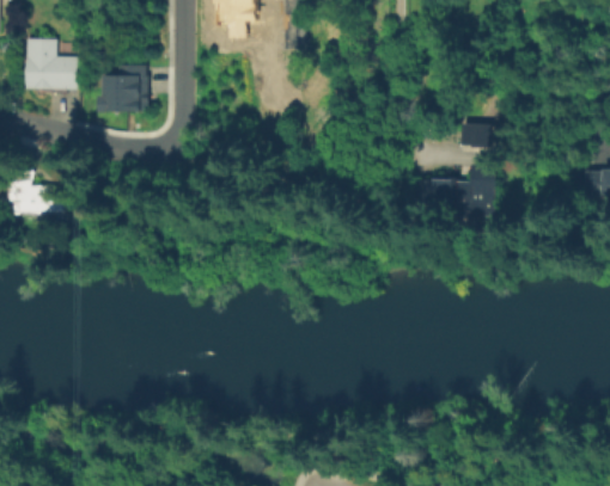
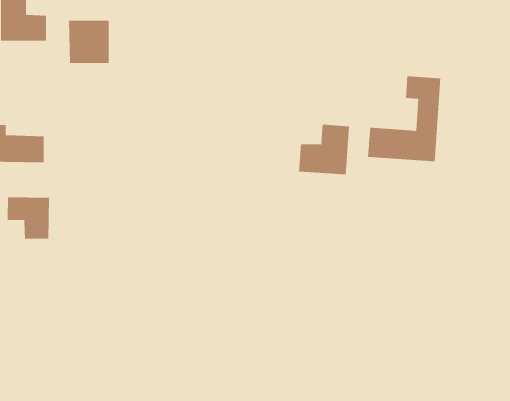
building: none -> [298,124,349,175]
building: none -> [7,196,50,239]

